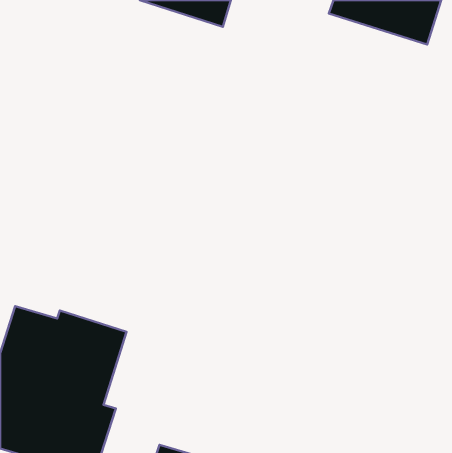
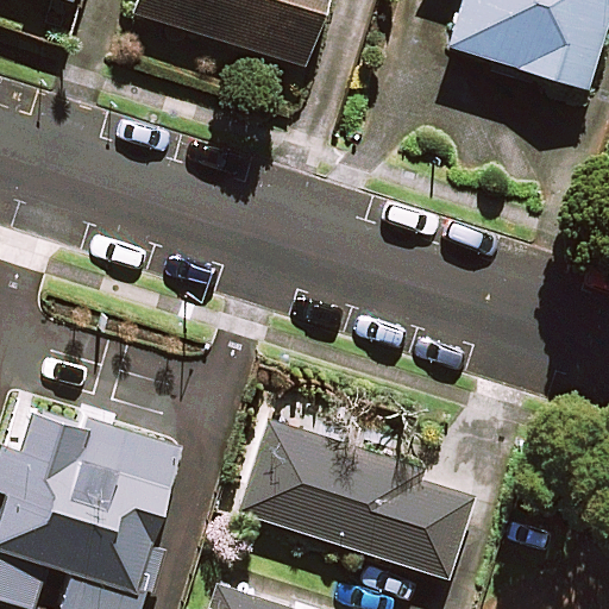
building: none -> [238,425,479,577]

